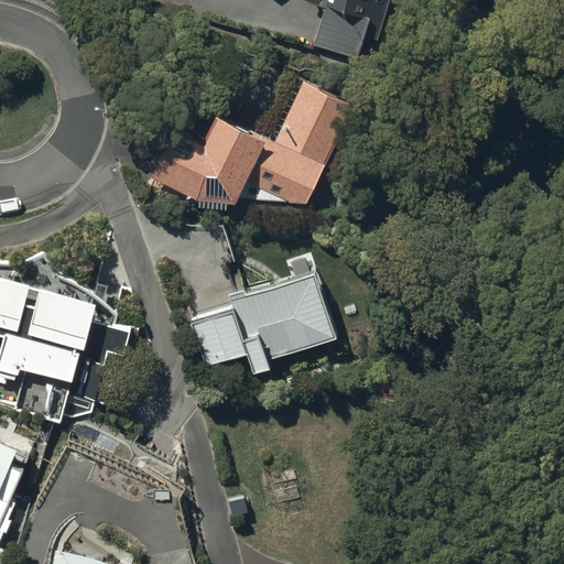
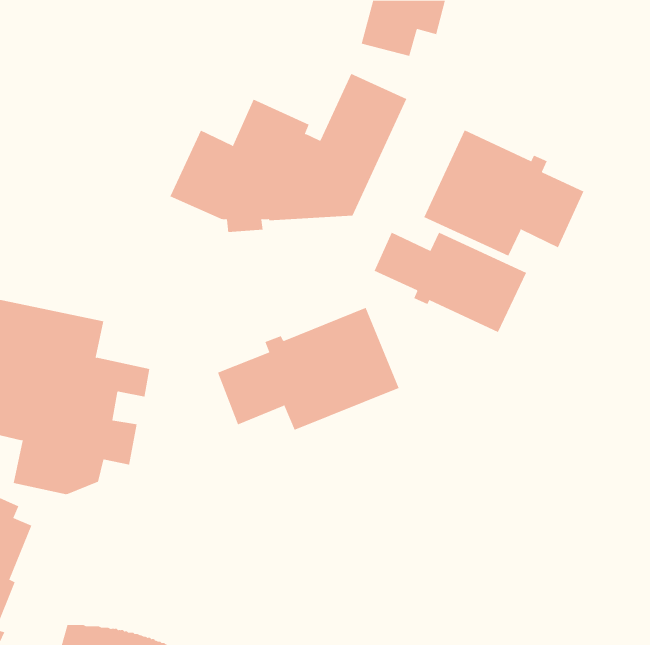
building: none -> [423,130,584,257]
building: none -> [374,232,527,333]

